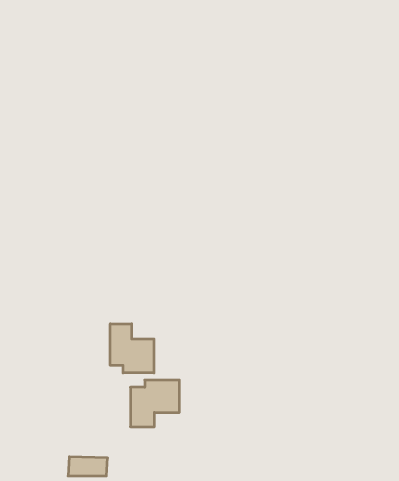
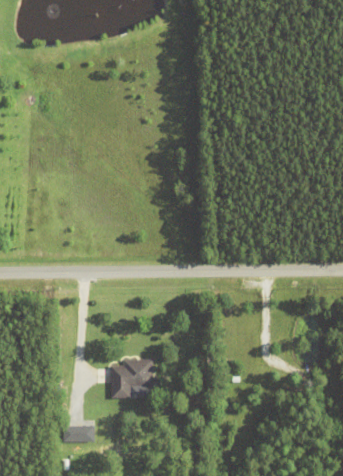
building: [110,324,154,373] -> none

